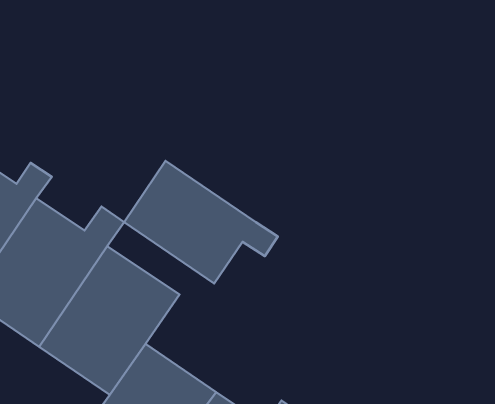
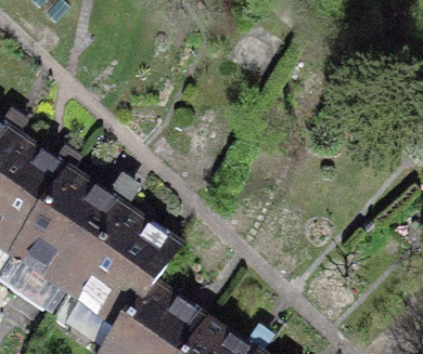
building: [124,161,278,283] -> none

